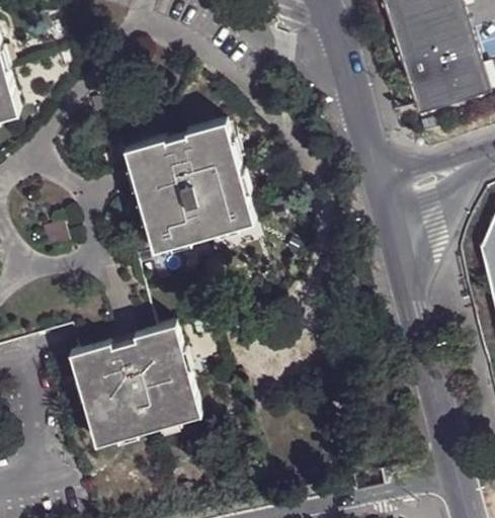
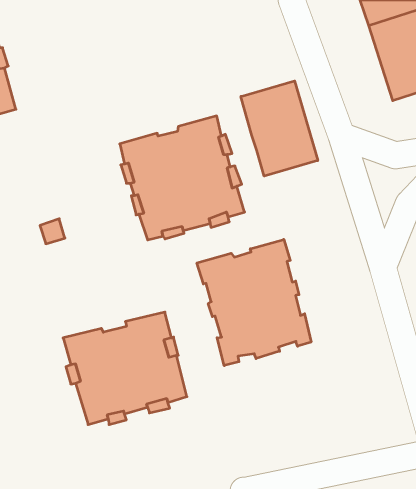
building: none -> [241,81,318,176]
building: none -> [197,239,311,366]

